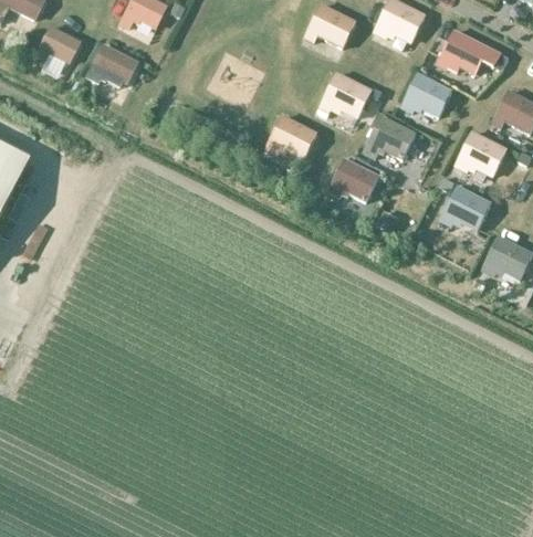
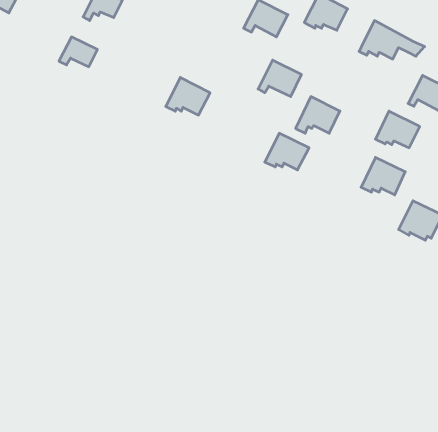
building: [32,28,77,64] -> none
building: [401,73,451,115] -> none
building: [266,116,317,159] -> [166,77,210,115]

